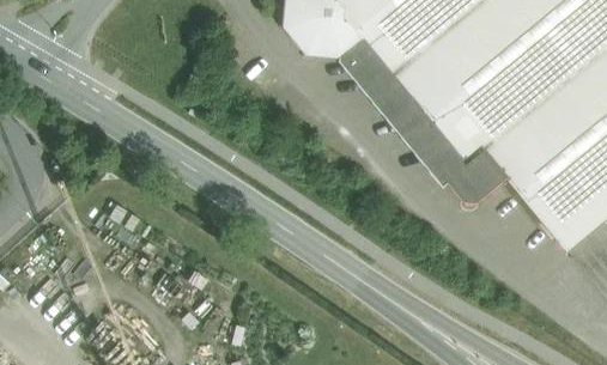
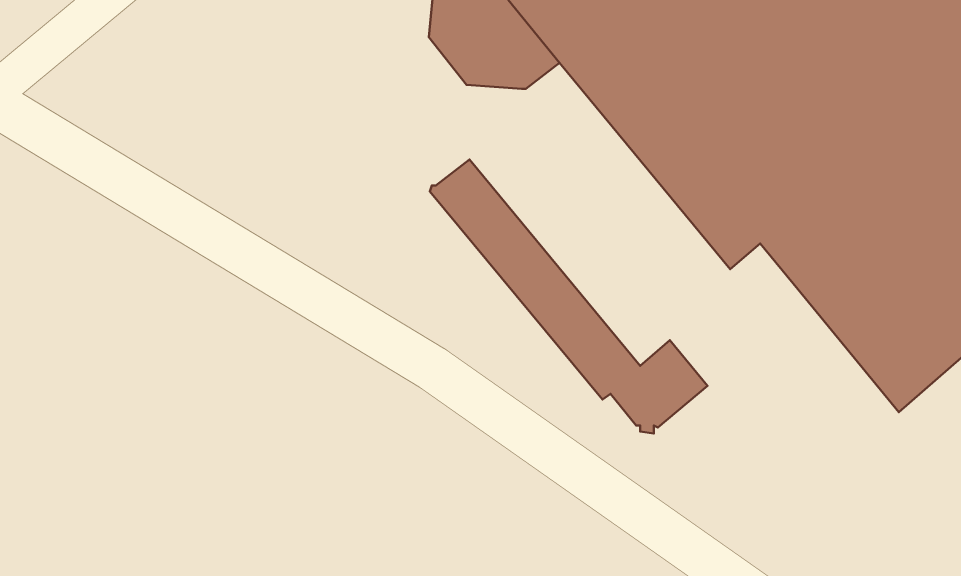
building: [339,41,506,206] -> [430,160,708,433]

